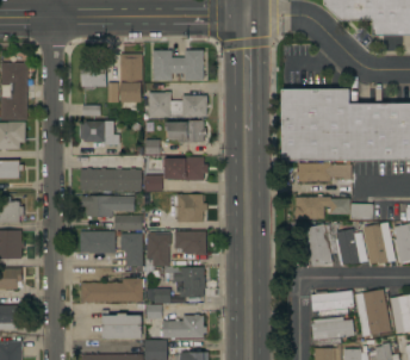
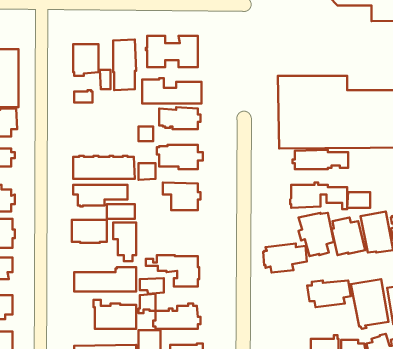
building: [79,122,118,144] -> none
building: [174,231,205,255] -> none
building: [144,232,169,267] -> none
building: [310,317,353,346] -> [263,243,307,273]

